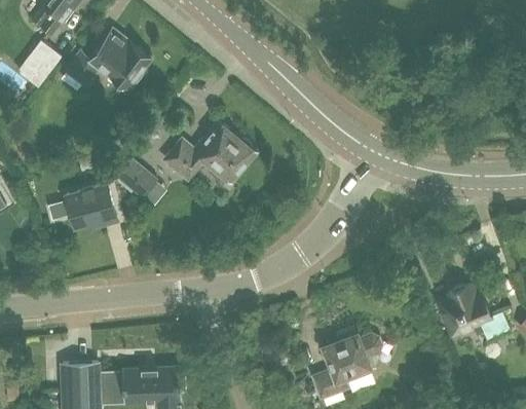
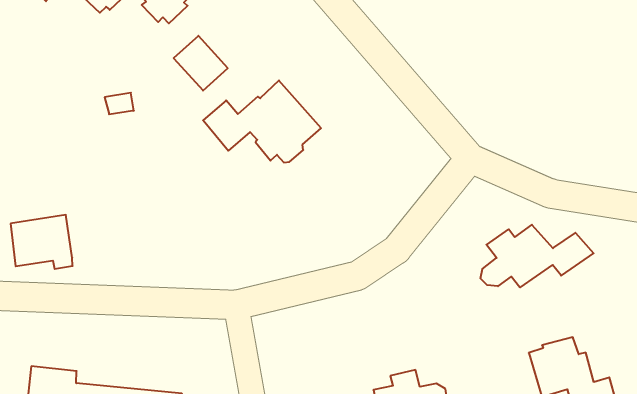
building: [115,158,157,199] -> [174,36,228,91]
building: [65,184,116,228] -> [11,215,73,269]
building: none -> [480,225,594,287]

